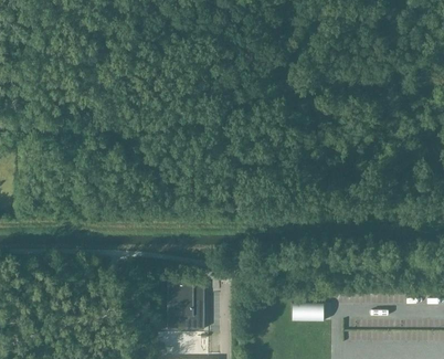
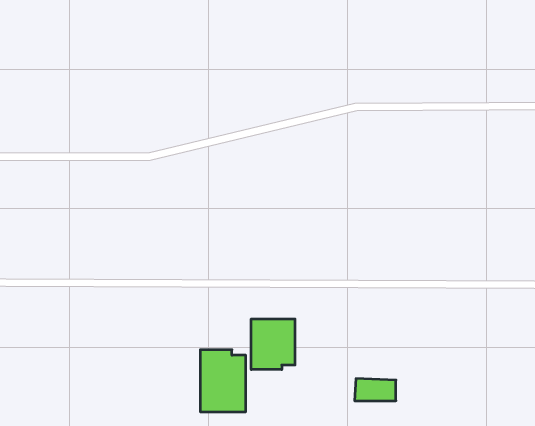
building: none -> [251,319,295,370]

